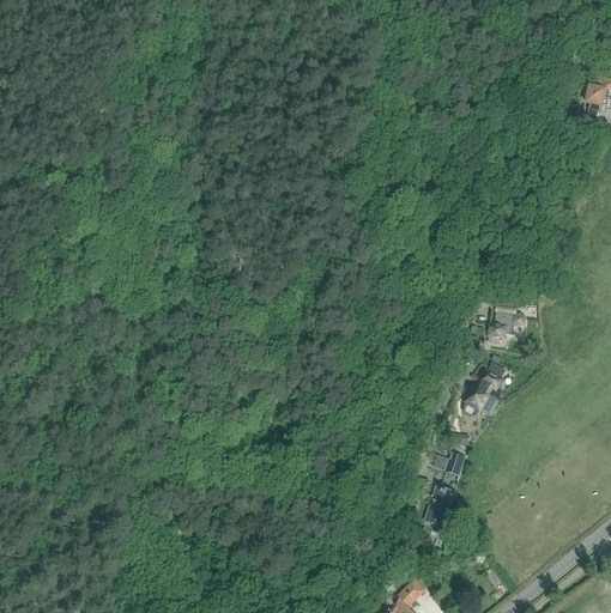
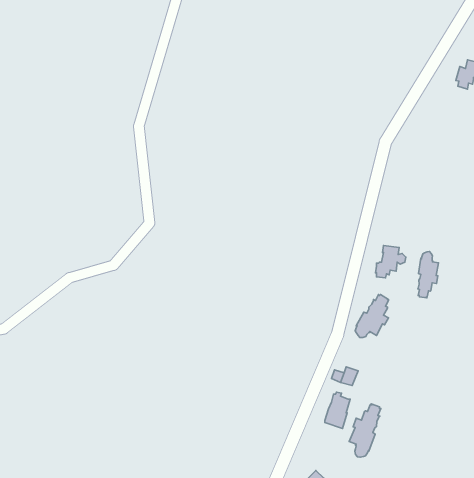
building: none -> [418,252,439,298]
building: none -> [349,404,381,457]

